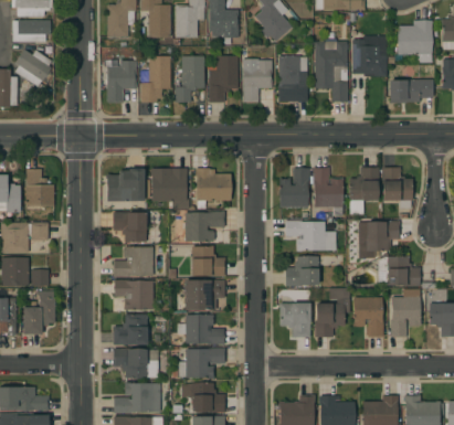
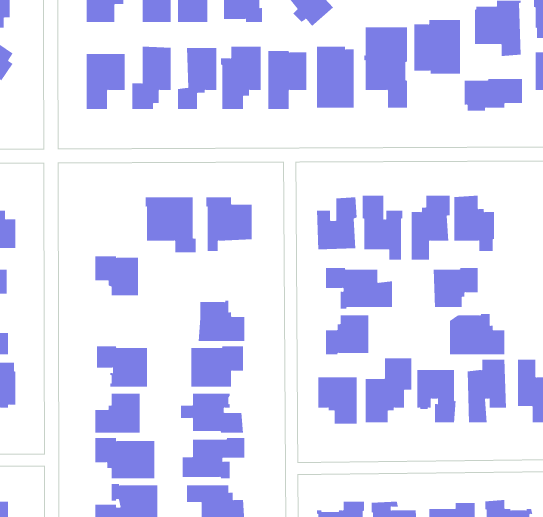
building: [106,169,144,201] -> none
building: [178,212,224,242] -> none
building: [113,247,154,277] -> none

